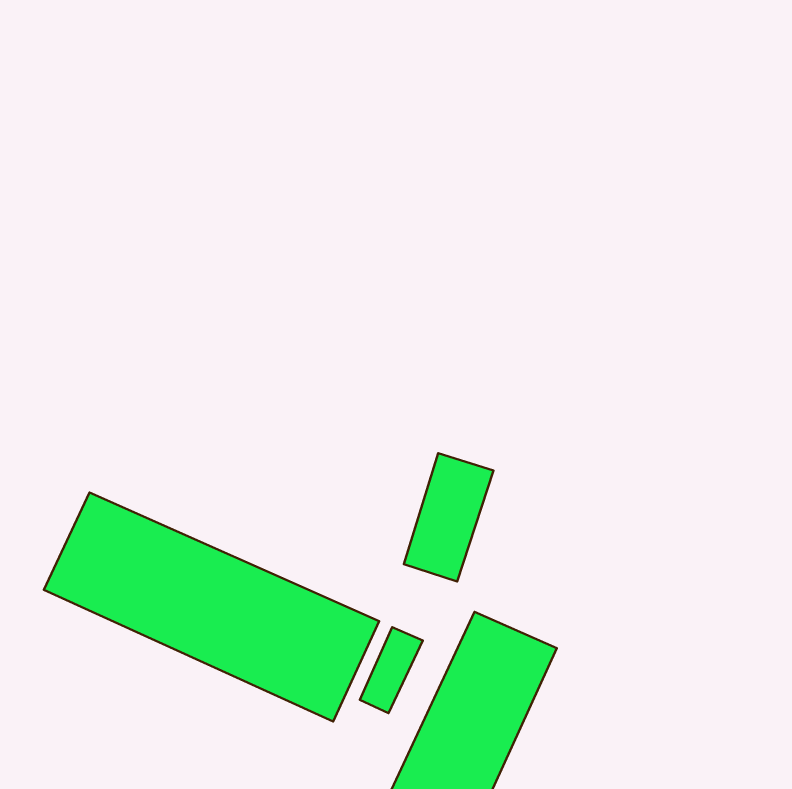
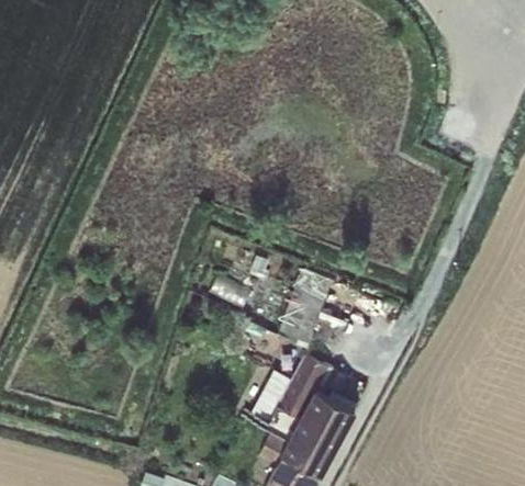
building: [44,492,379,721] -> none

